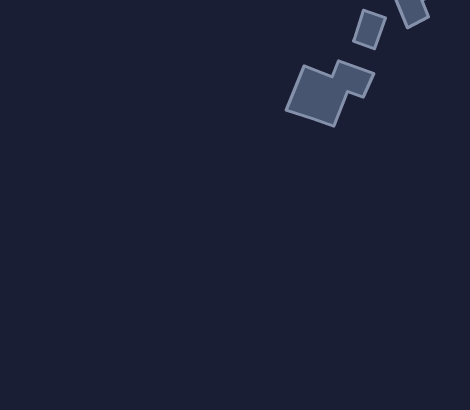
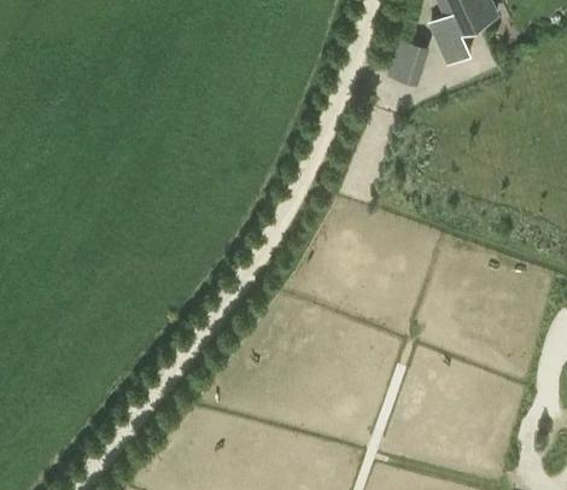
building: [286,61,374,126] -> none

